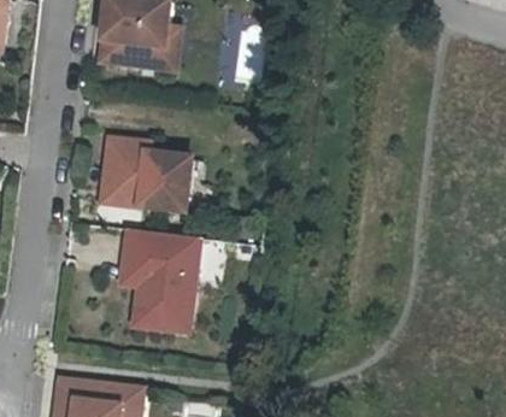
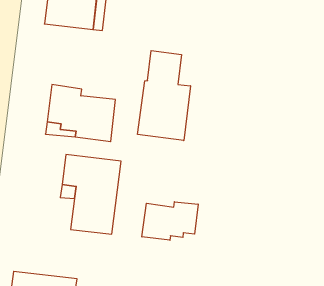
building: none -> [138,51,190,141]
building: none -> [142,202,198,240]

